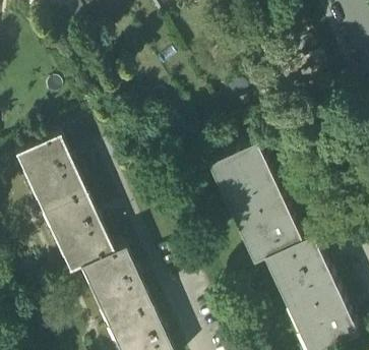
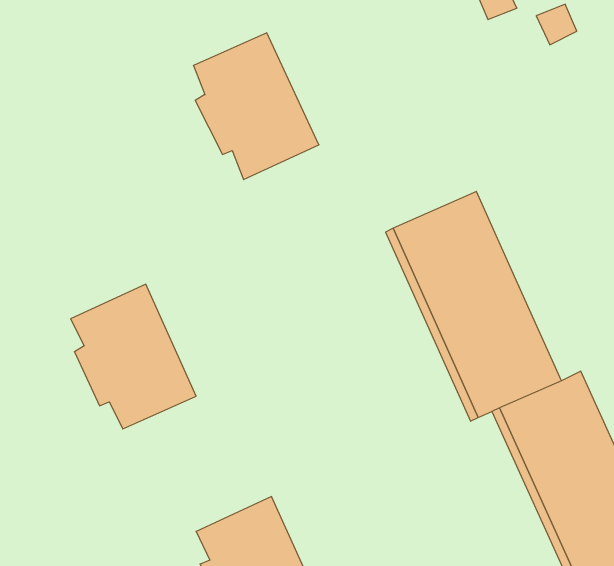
building: [17,126,83,203] -> [193,33,319,180]
building: [82,238,149,315] -> none

